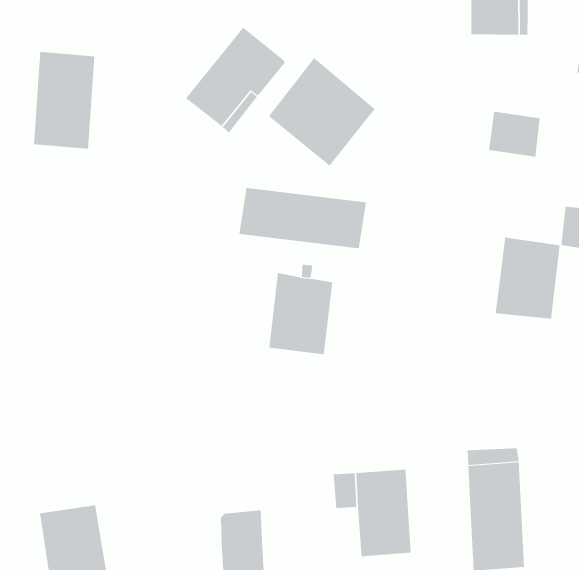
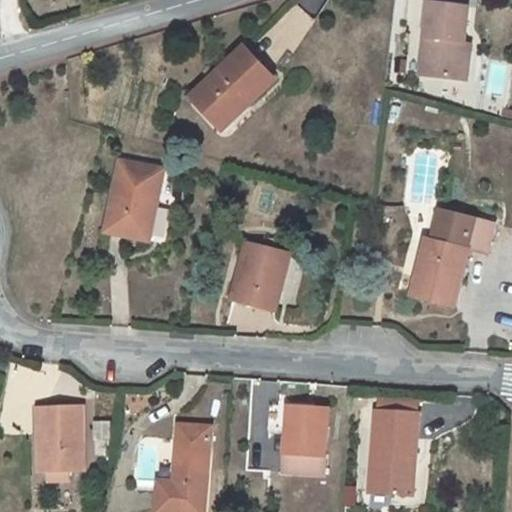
building: [33,52,95,149] -> [105,159,162,240]
building: [268,57,375,166] -> none
building: [488,111,540,157] -> [432,207,476,247]
building: [239,187,367,249] -> none

